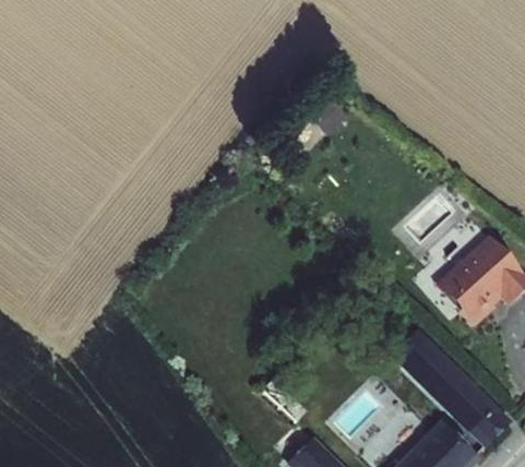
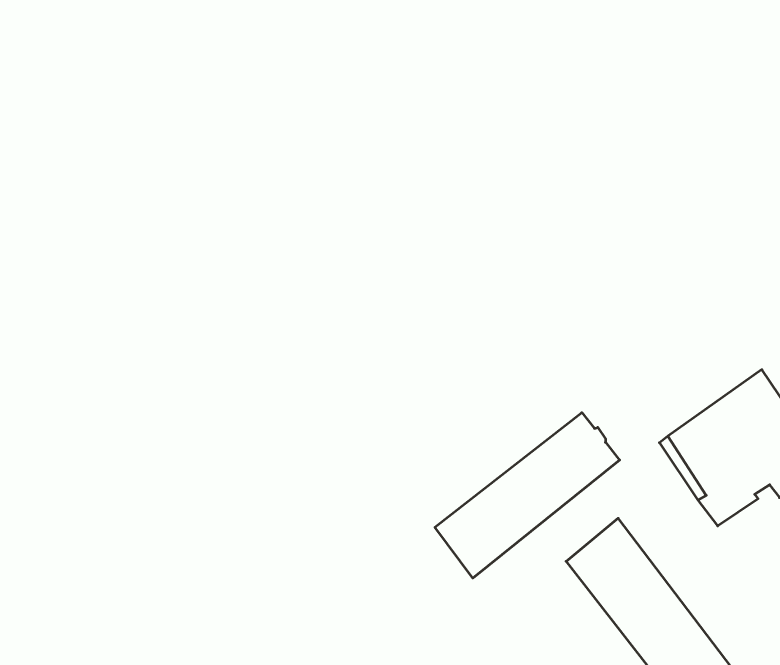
building: none -> [435,413,620,578]

